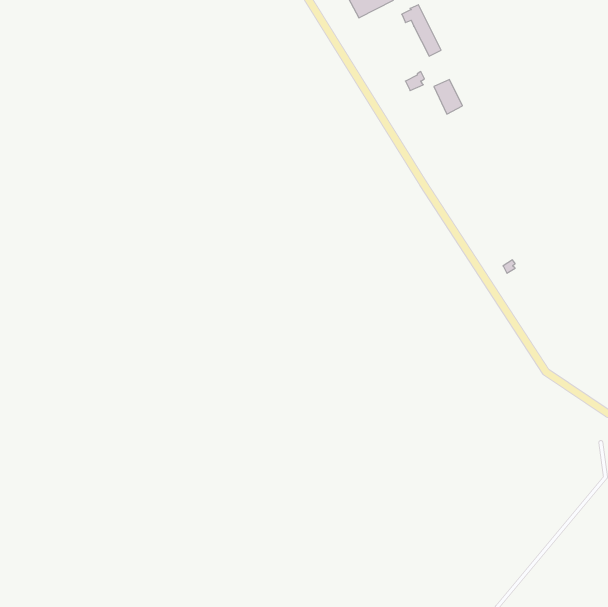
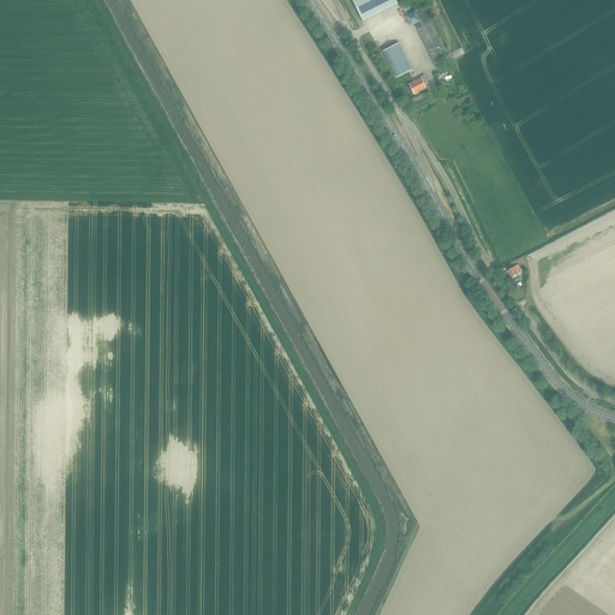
building: [434,80,462,114] -> [382,41,411,76]

